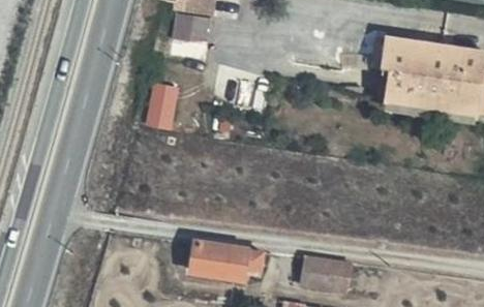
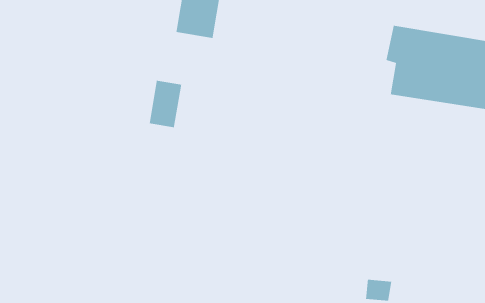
building: [182,242,258,283] -> none
building: [299,262,351,294] -> none

